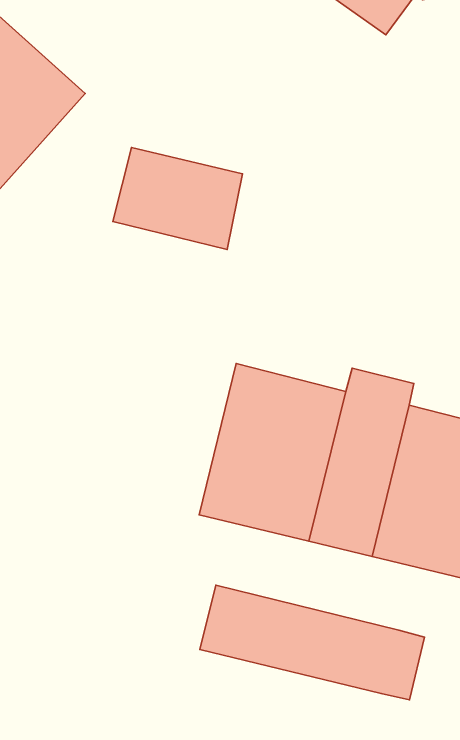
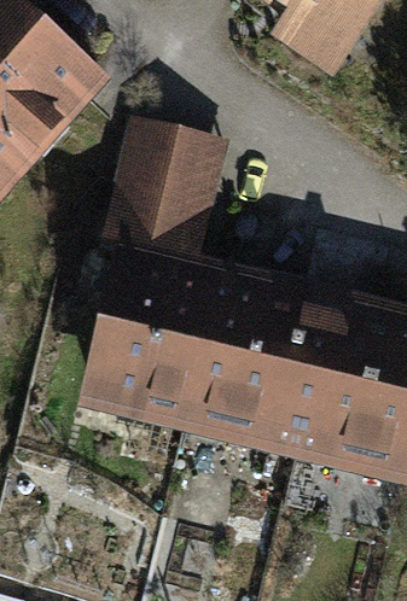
building: none -> [105,187,211,269]
building: none -> [104,278,219,416]
building: [200,585,425,700] -> none

